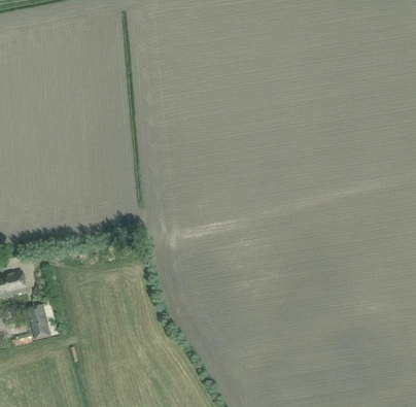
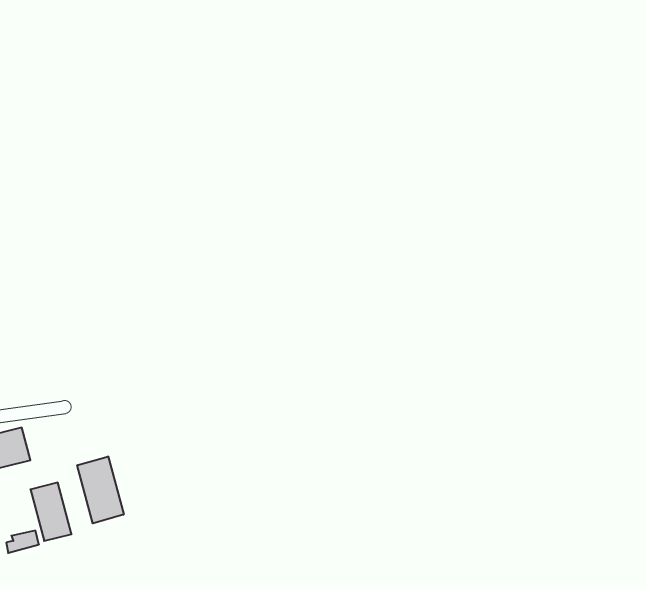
building: none -> [77,456,124,523]

